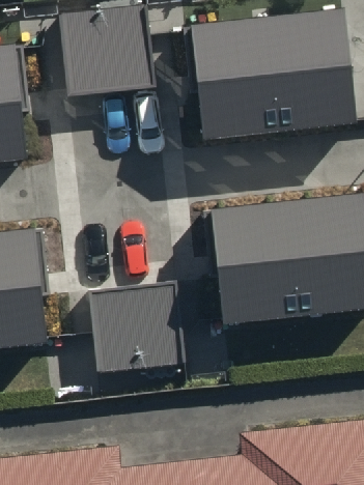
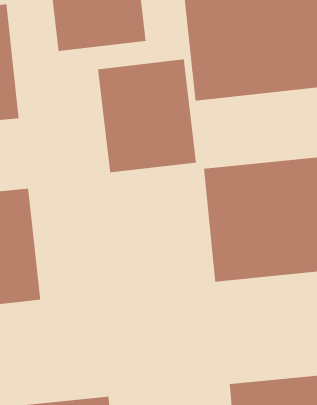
building: none -> [97,59,197,173]
building: [86,281,183,372] -> none

